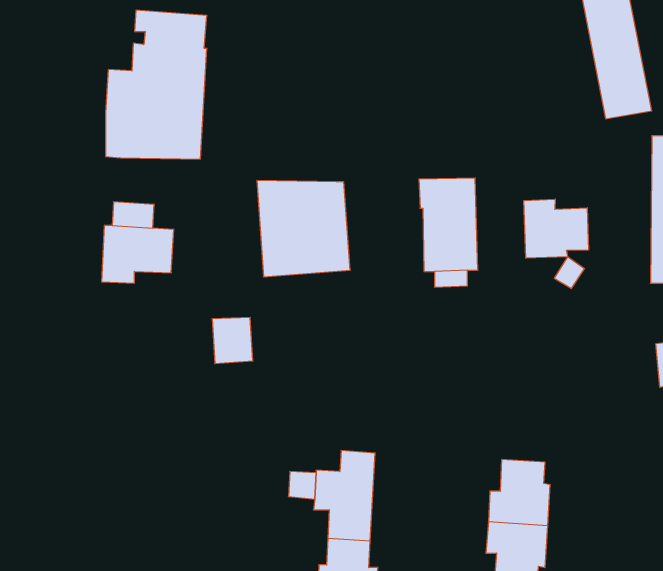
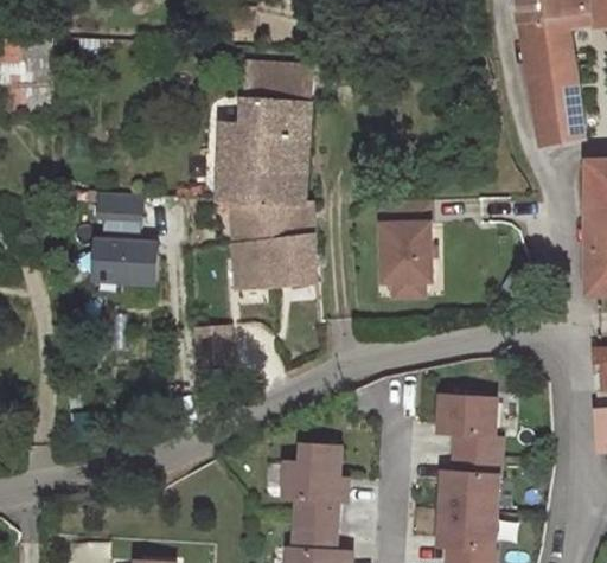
building: [106,10,207,159] -> [219,69,311,203]
building: none -> [96,194,141,223]
building: [524,199,588,258] -> none
building: none -> [440,395,496,455]

